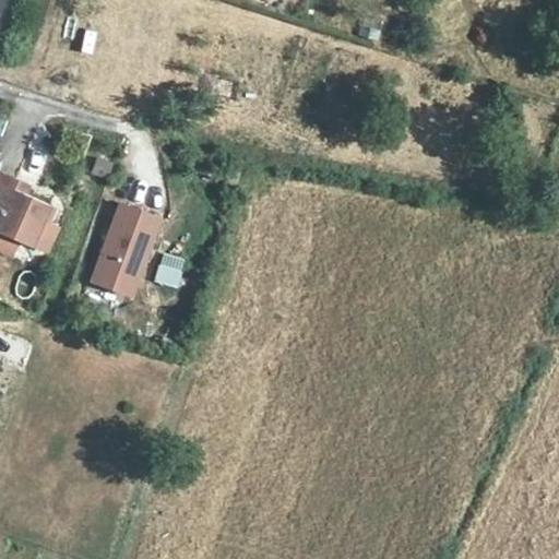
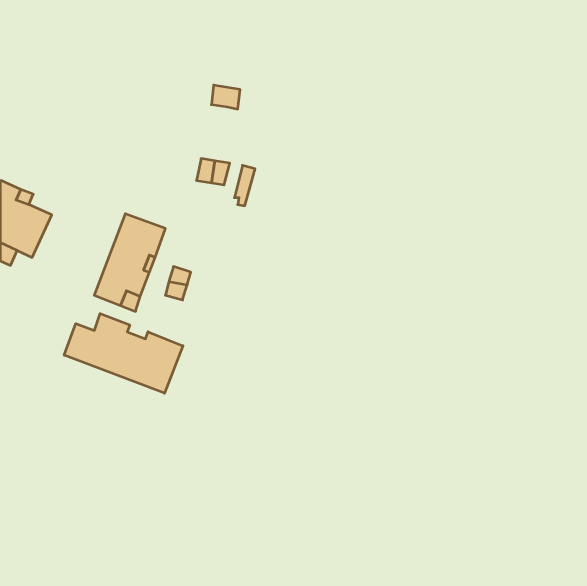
building: none -> [64,314,183,393]

